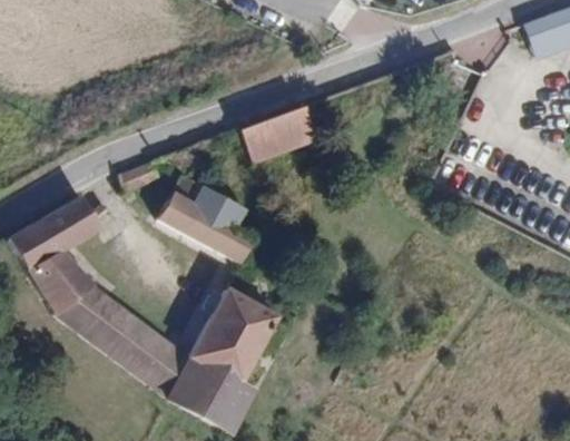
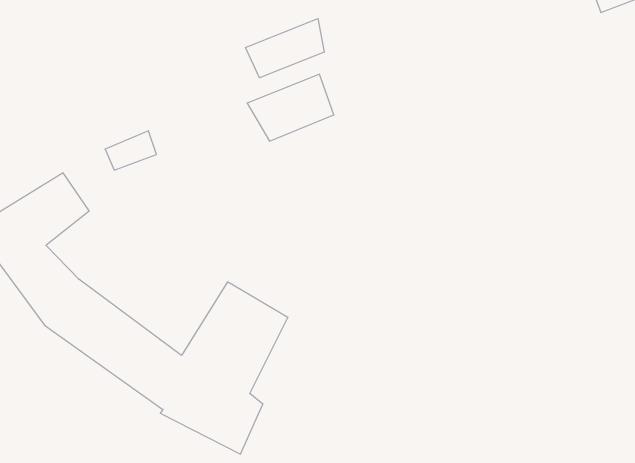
building: none -> [245,19,324,78]
building: [155,184,256,264] -> none

